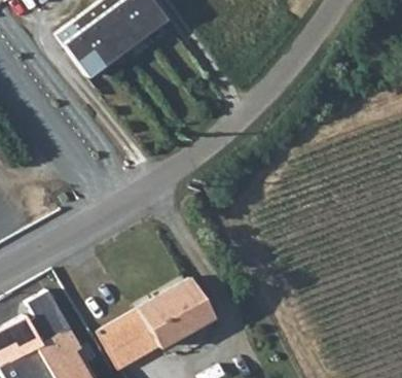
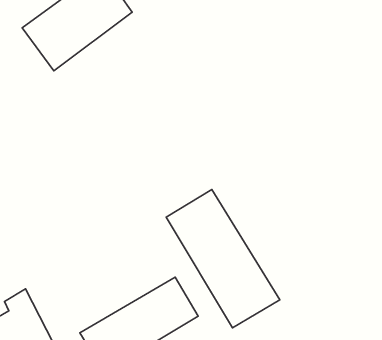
building: none -> [166,190,280,328]

